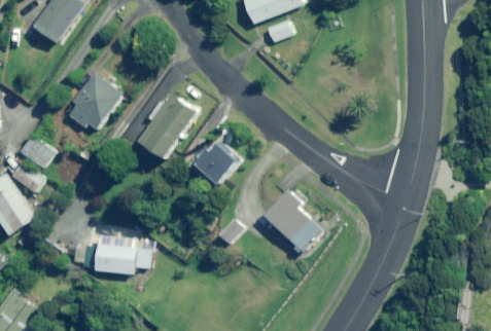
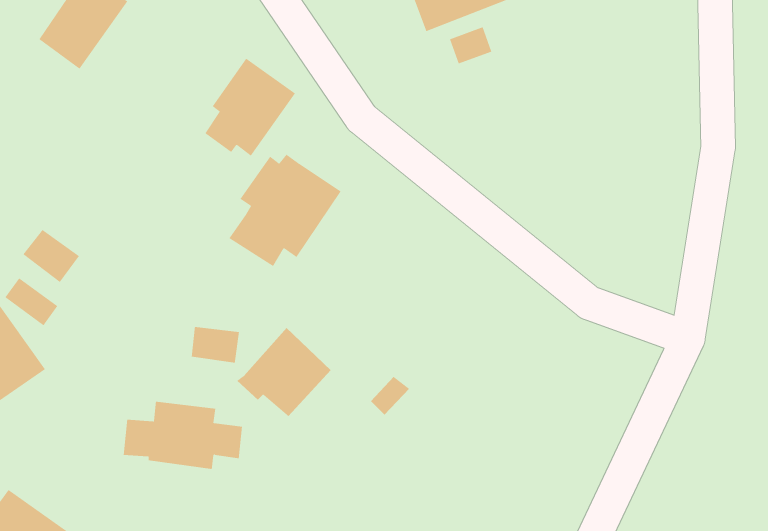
building: [70,73,122,130] -> [204,58,296,156]
building: [186,135,241,186] -> [236,327,331,417]
building: [266,191,323,251] -> none
building: none -> [191,326,239,364]

